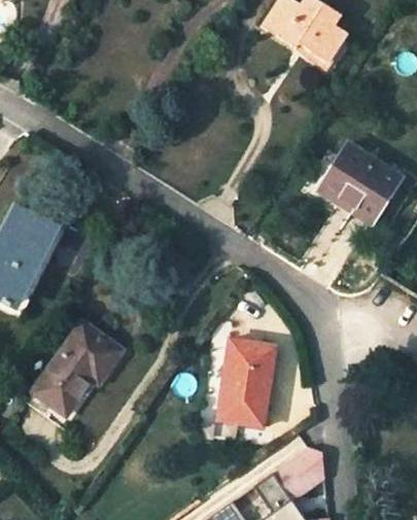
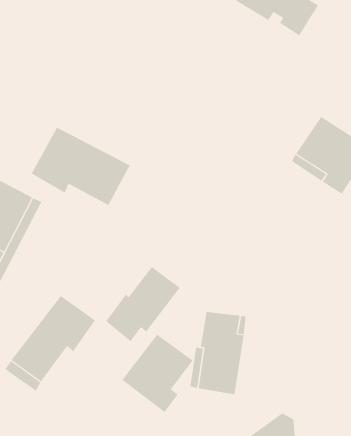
building: none -> [31,127,130,206]
building: none -> [105,266,181,342]
building: none -> [122,334,194,413]

